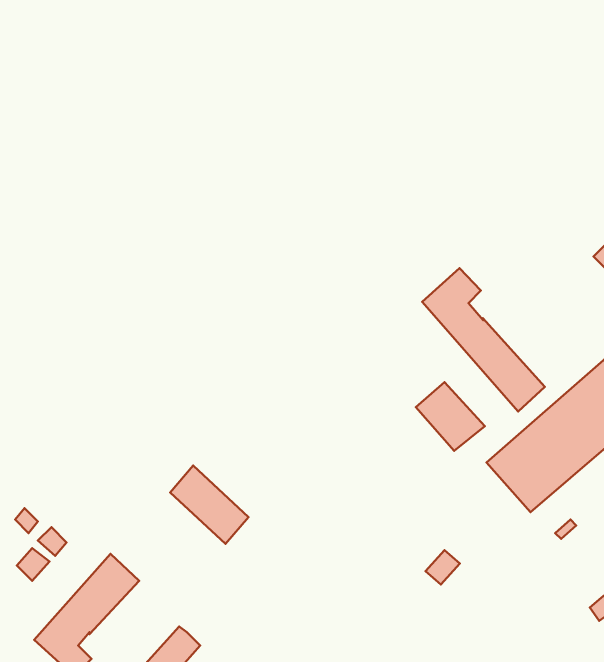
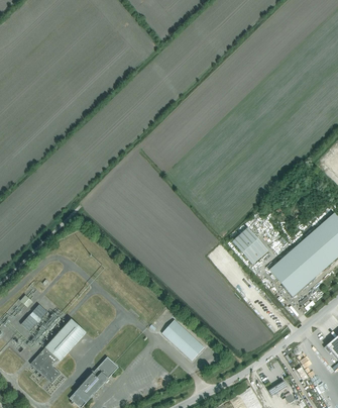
building: [422,268,545,412] -> none
building: [170,466,248,544] -> [163,318,205,360]

